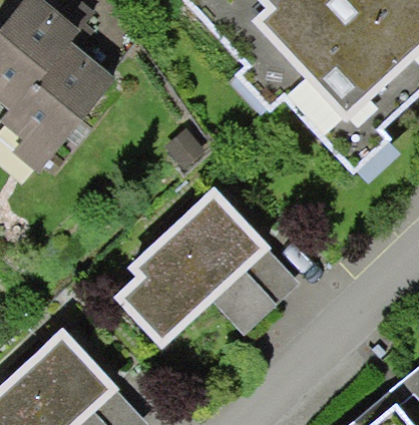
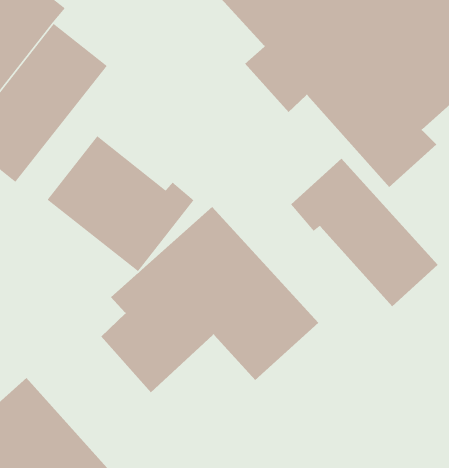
building: none -> [46,135,195,272]
building: none -> [290,158,438,307]

